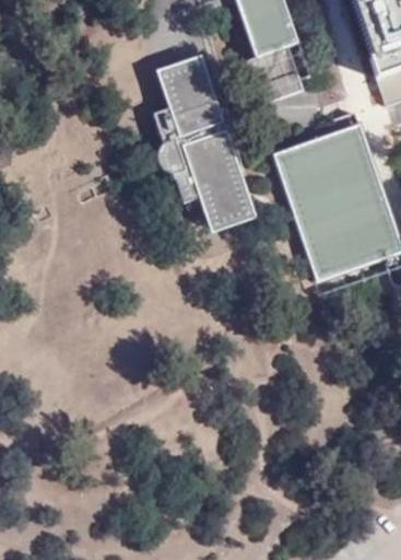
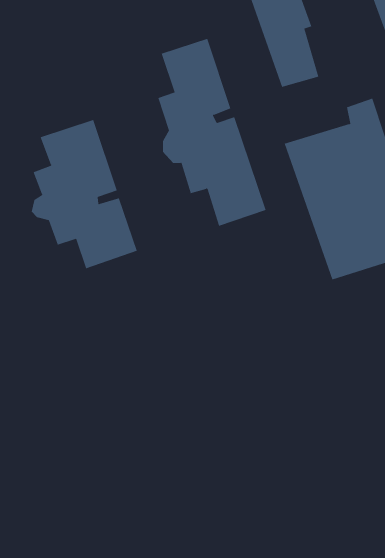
building: none -> [31,119,138,269]

